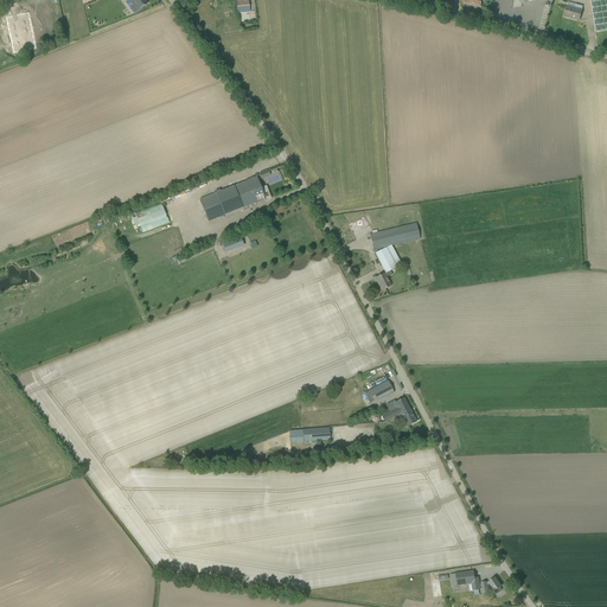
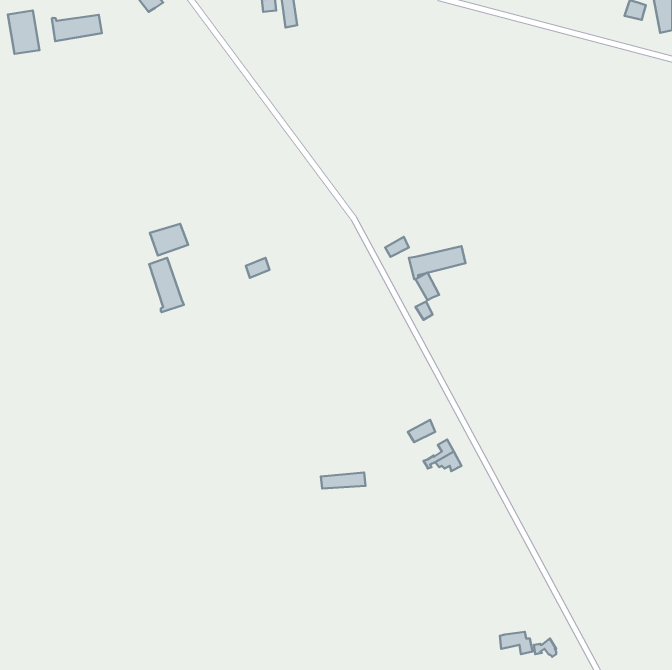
building: none -> [52,15,102,41]
building: [216,175,270,213] -> none
building: none -> [149,258,184,312]

